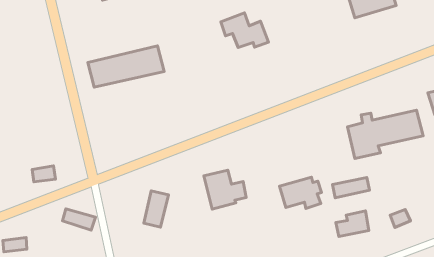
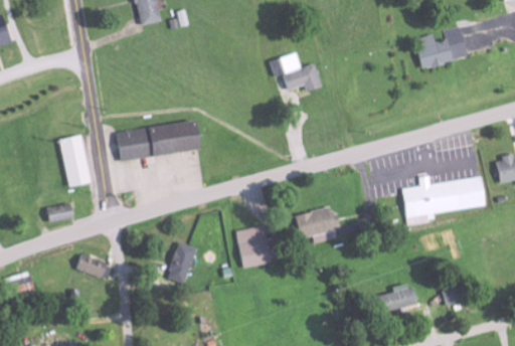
building: [88,46,164,87] -> [115,120,199,160]
building: none -> [58,134,91,186]
building: [280,177,322,208] -> [294,207,340,241]
building: [332,178,370,198] -> none

